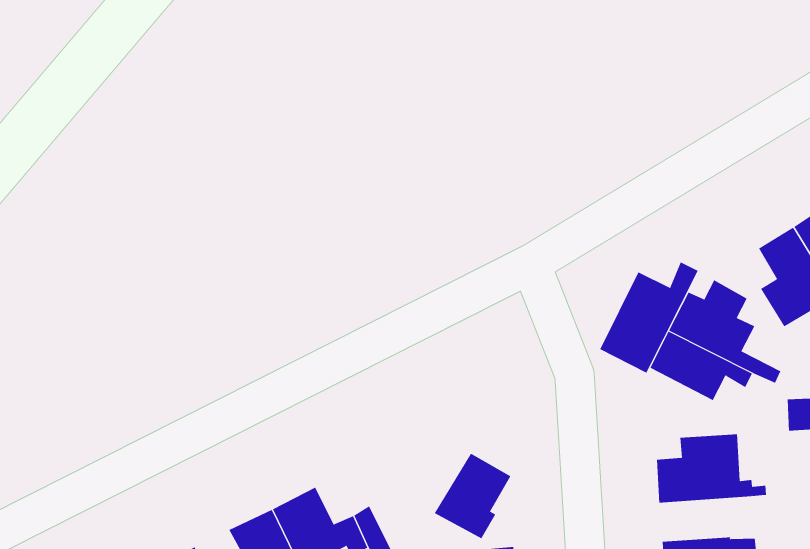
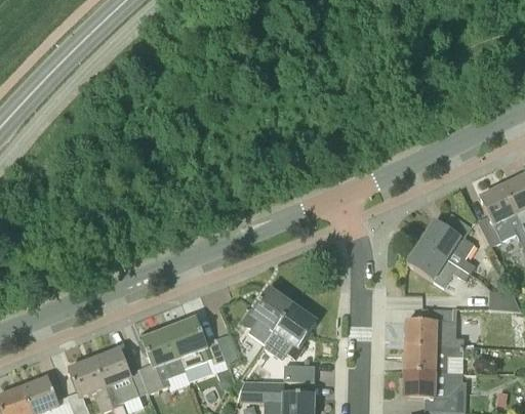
building: [600,262,699,373] -> none
building: none -> [241,288,292,344]
building: none -> [404,346,468,371]

